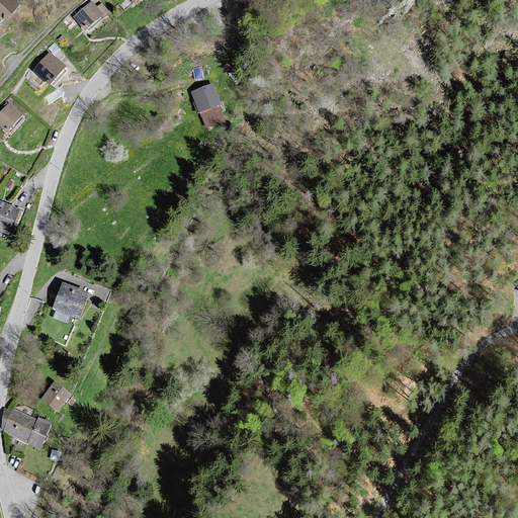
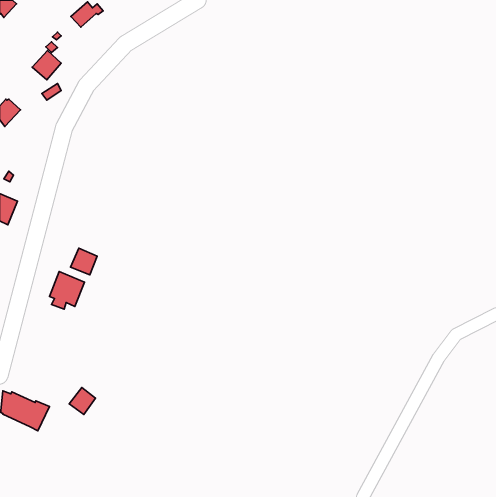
building: [192,85,224,125] -> none
building: none -> [70,248,97,275]
building: [41,382,69,411] -> [69,387,96,415]

